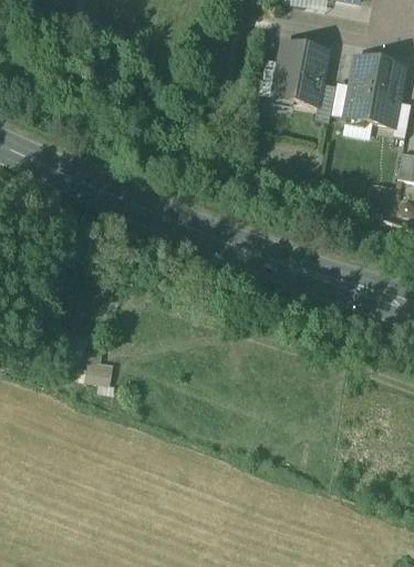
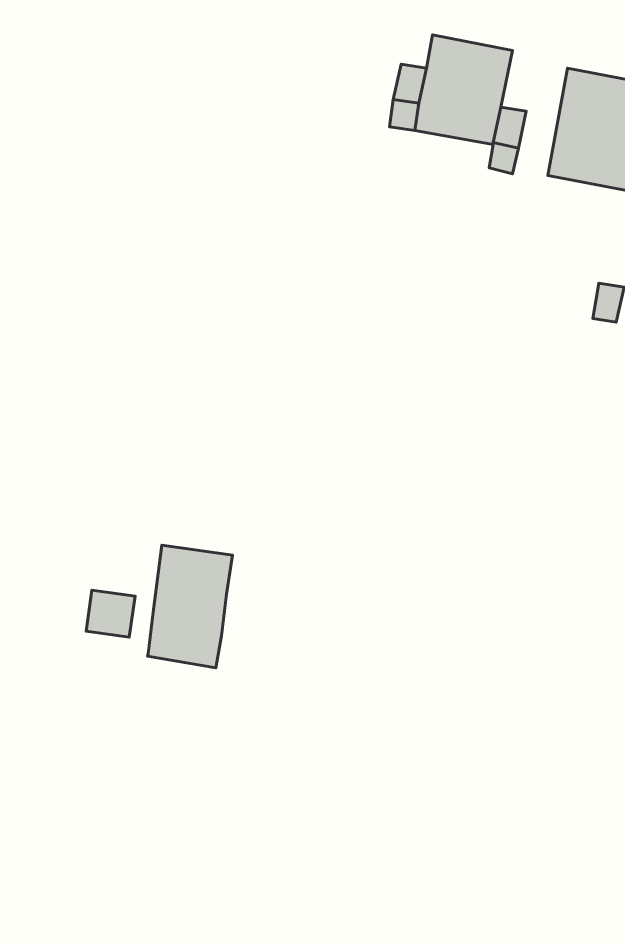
building: none -> [147,545,233,668]

